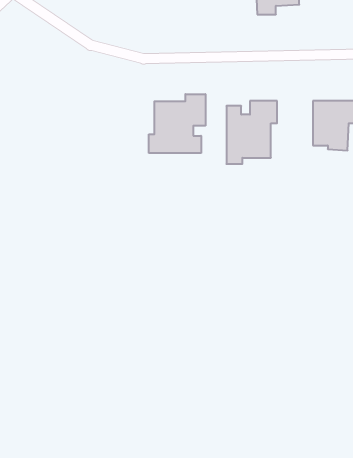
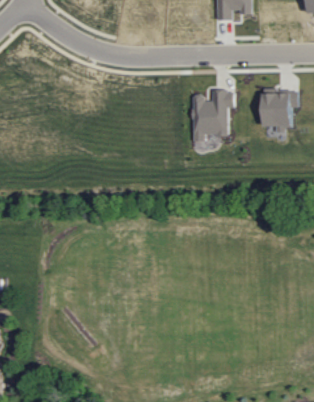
building: [149,94,205,153] -> none

